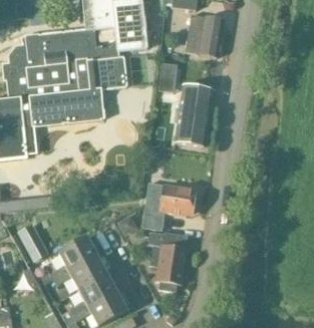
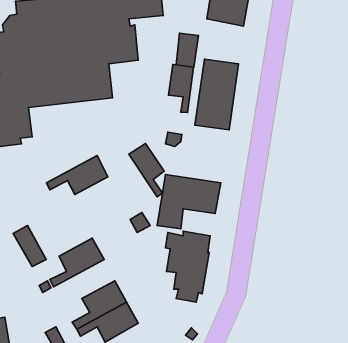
building: none -> [168,65,193,113]
building: none -> [129,144,164,197]
building: [54,255,106,288] -> [46,156,108,195]

